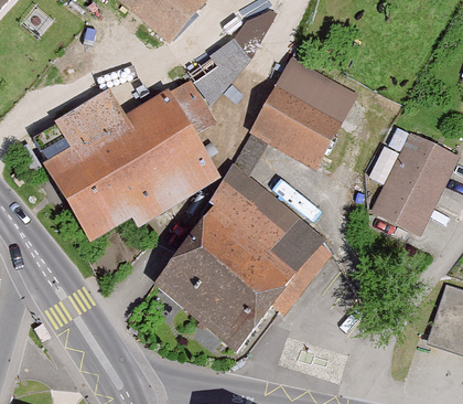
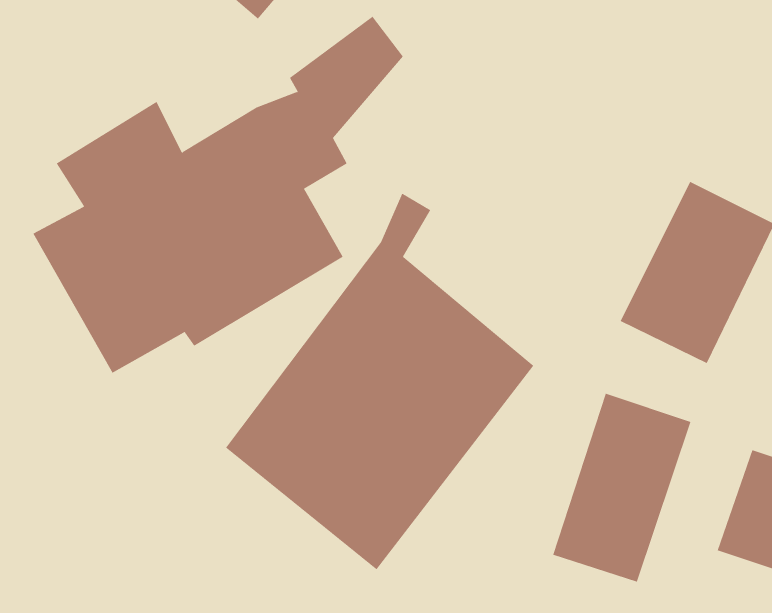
building: [252,60,357,169] -> none
building: none -> [553,393,691,582]

